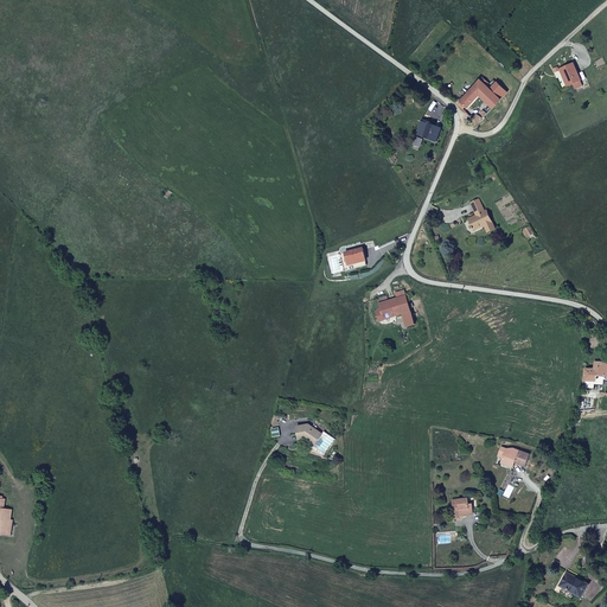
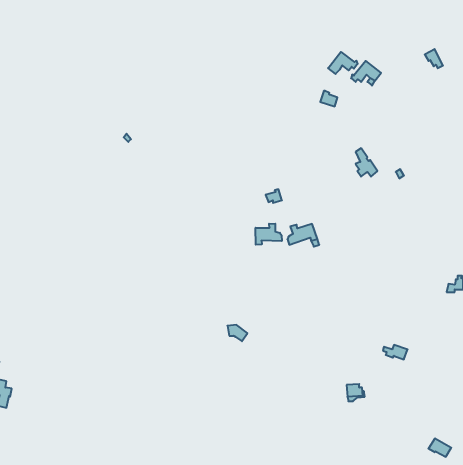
building: none -> [328,52,358,74]
building: none -> [256,224,282,245]

